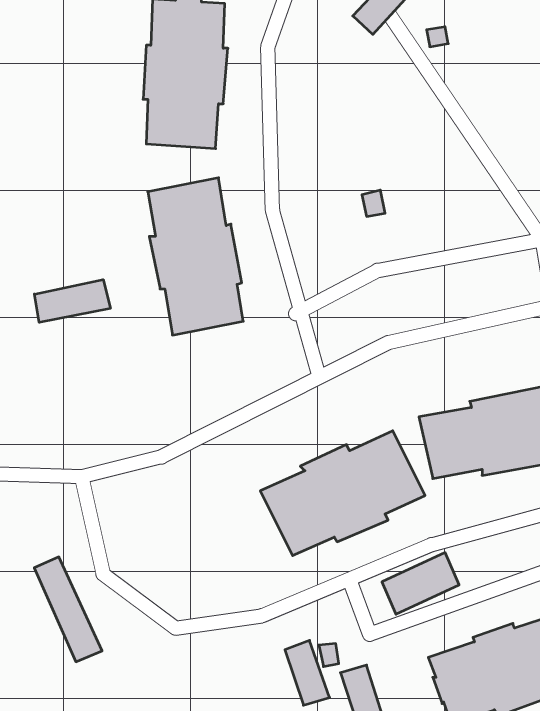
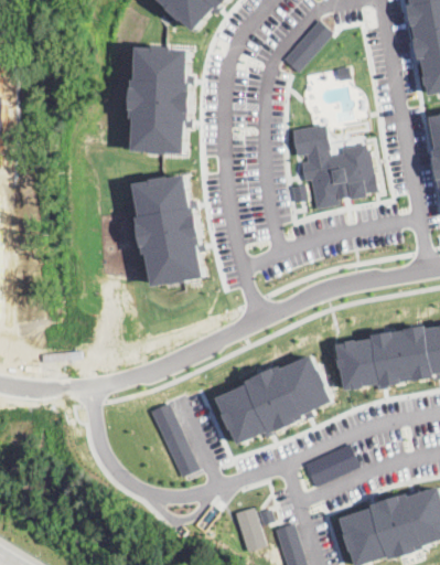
building: none -> [290,124,376,209]
building: [34,280,110,322] -> none
building: [34,557,102,662] -> [151,403,200,478]

